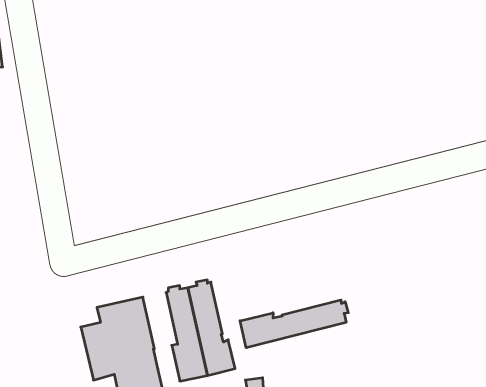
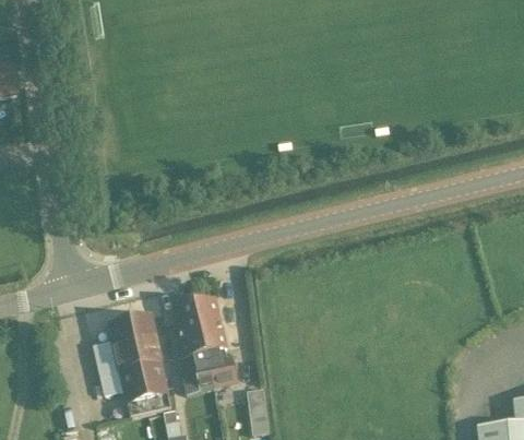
building: [240,300,348,348] -> none

